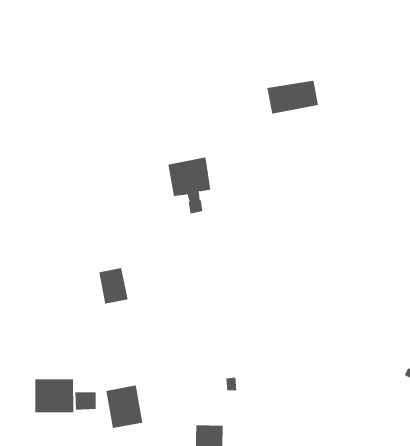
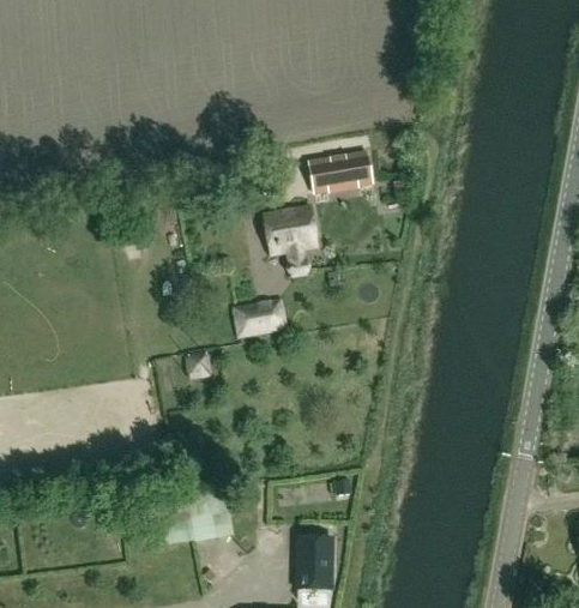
building: [267,80,319,114] -> [308,151,373,193]
building: none -> [233,300,287,338]
building: [35,379,74,413] -> none

